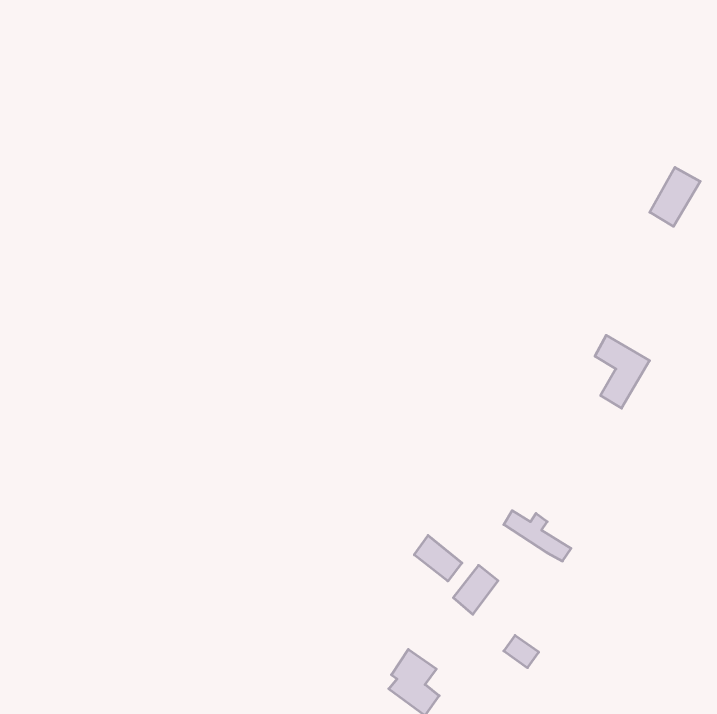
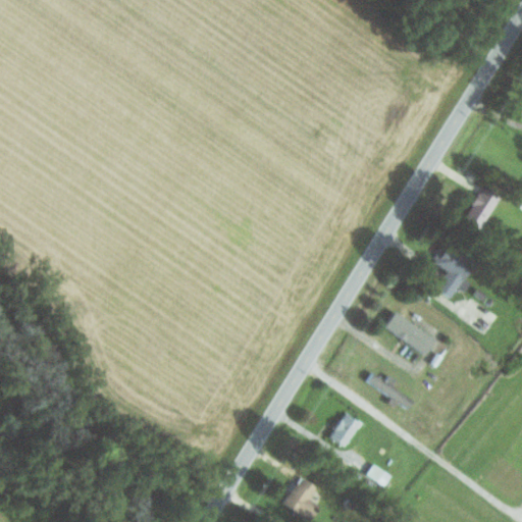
building: [650,167,700,226] -> [464,187,501,229]
building: none -> [384,311,436,357]
building: [414,535,462,581] -> none

